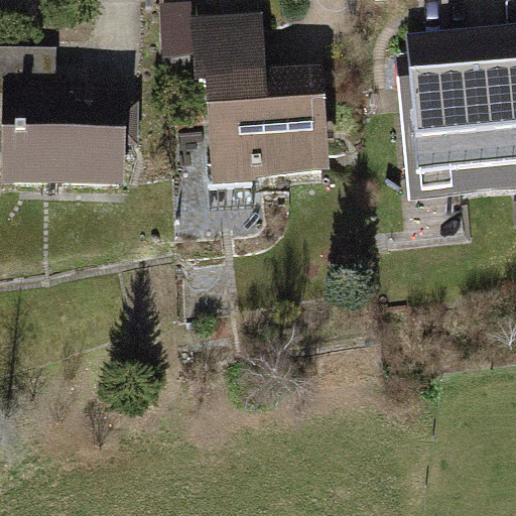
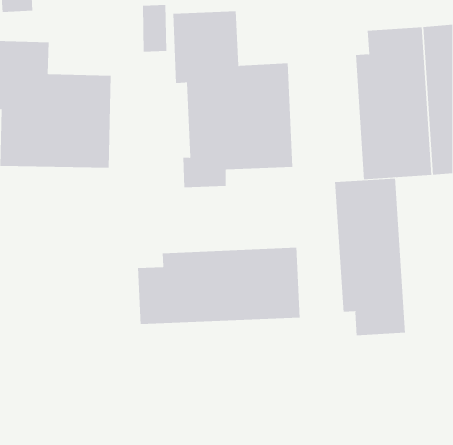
building: none -> [335,178,406,336]
building: none -> [138,247,300,325]

